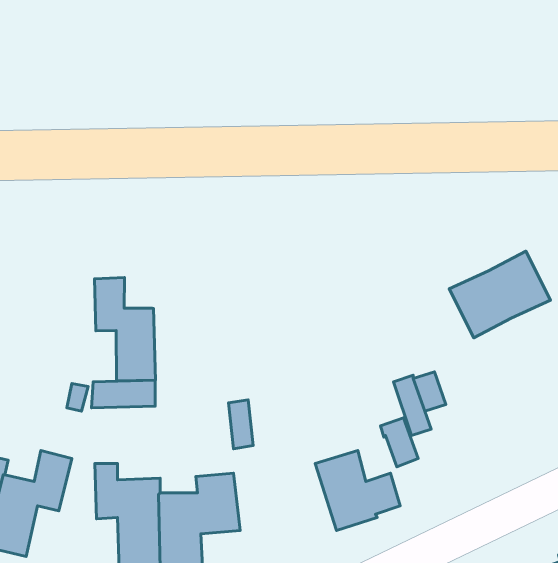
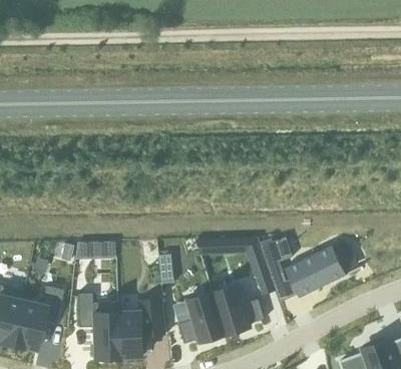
building: [449,251,550,338] -> [285,245,347,298]
building: [95,278,155,381] -> none
building: none -> [178,293,226,343]

